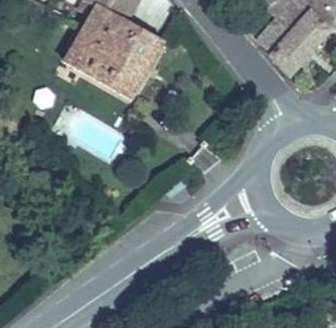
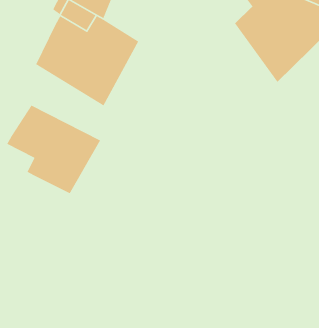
building: none -> [6,104,101,195]

